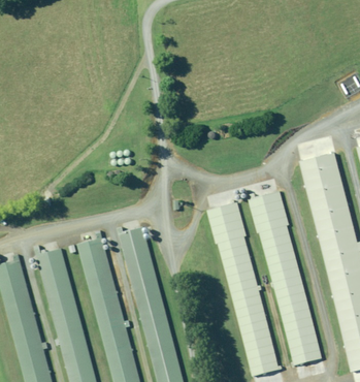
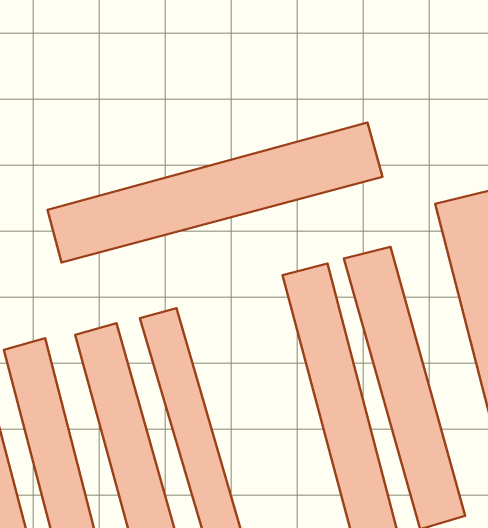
building: none -> [48,122,382,263]

